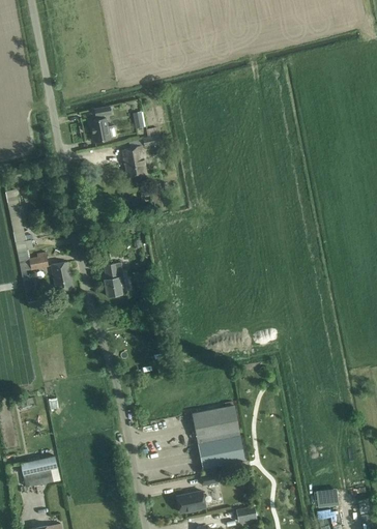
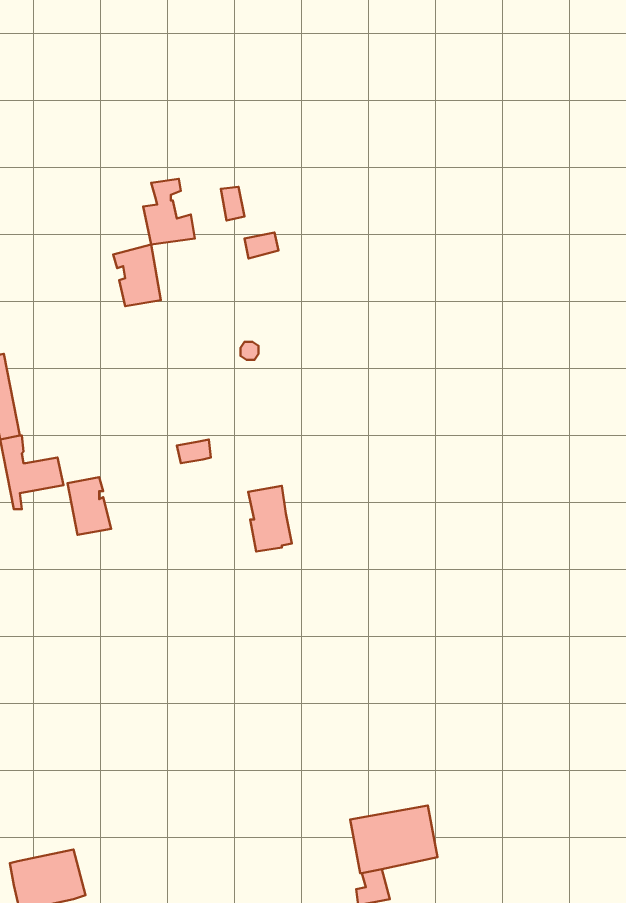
building: [121,145,146,177] -> [113,244,161,306]
building: [104,262,126,296] -> [248,486,292,551]
building: [193,402,238,440] -> none

